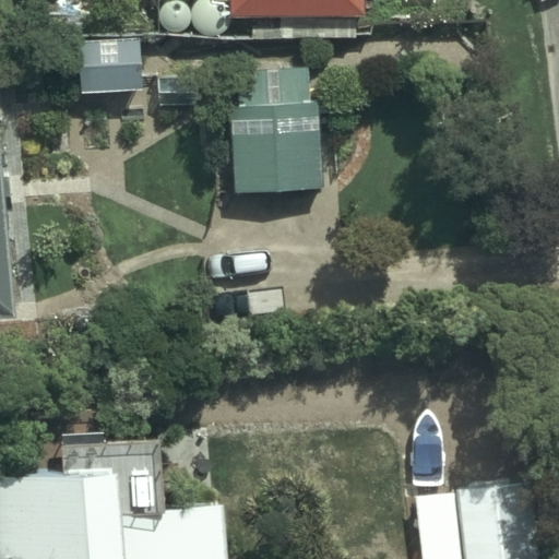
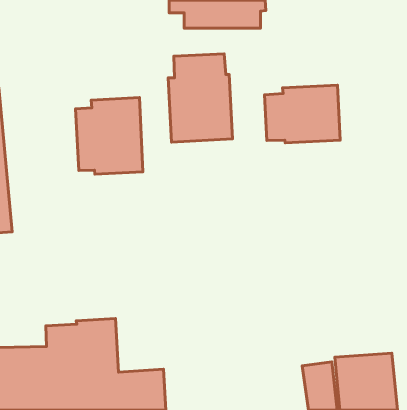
building: none -> [264,85,340,143]
building: none -> [76,98,143,174]

